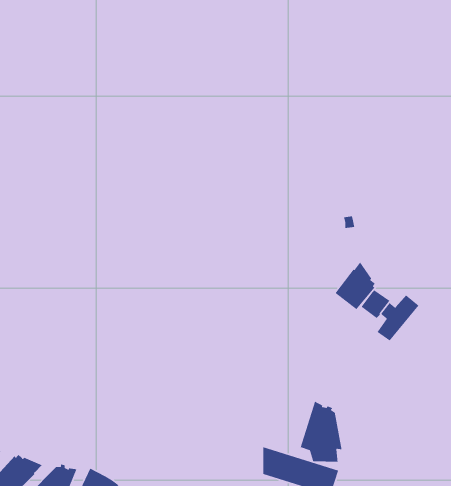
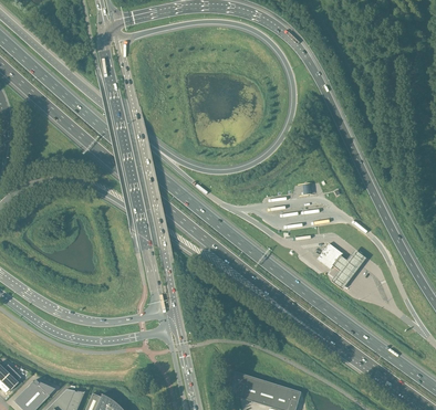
building: [334,261,376,310] -> none
building: [299,400,343,462] -> none

